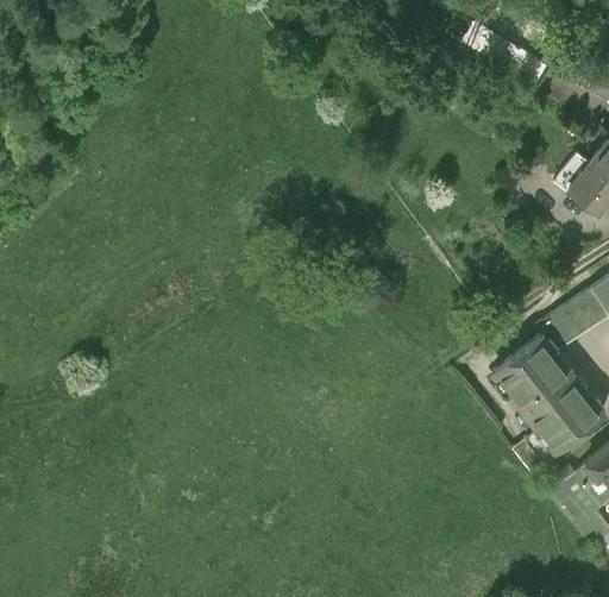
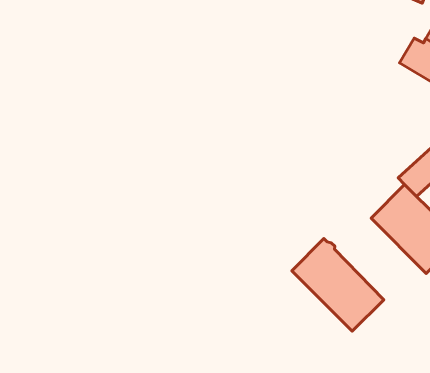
building: none -> [292,238,384,331]

